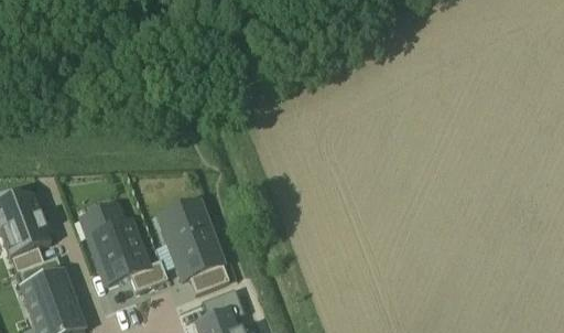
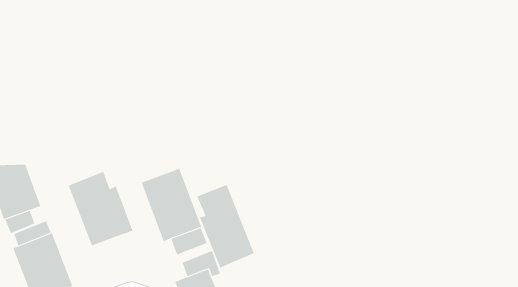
building: none -> [196,184,255,269]
building: [131,260,167,290] -> none

